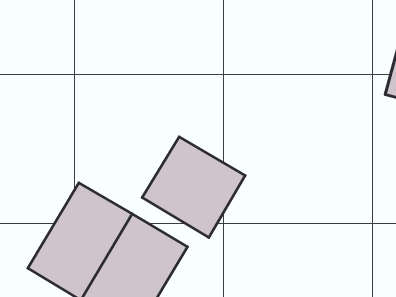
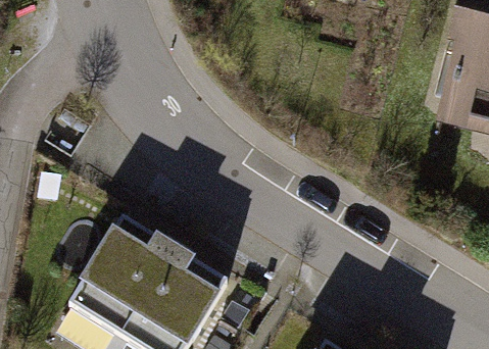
building: [142,137,245,237] -> none

